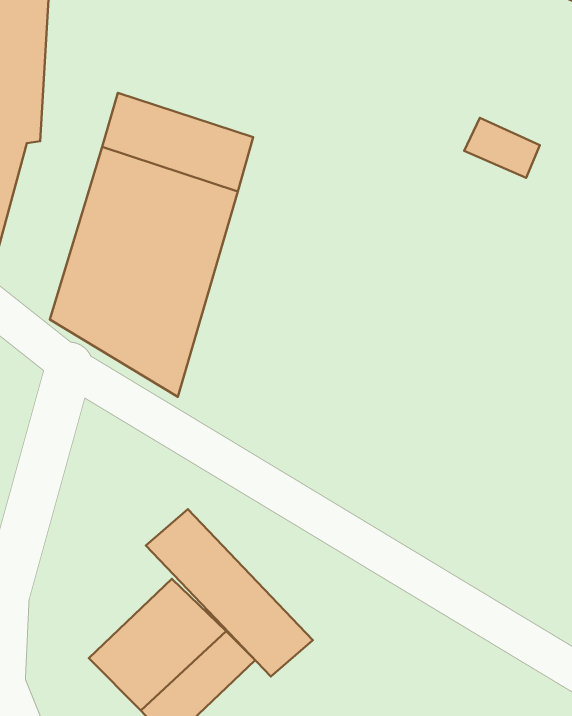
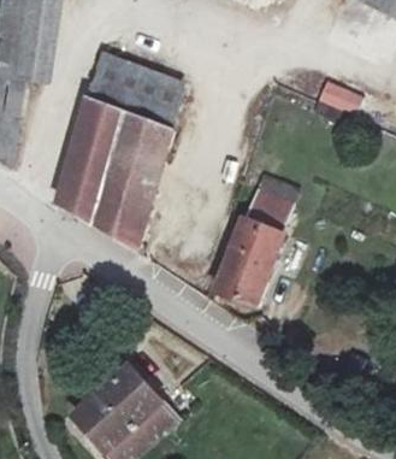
building: none -> [220,192,284,302]
building: [146,509,313,677] -> none

